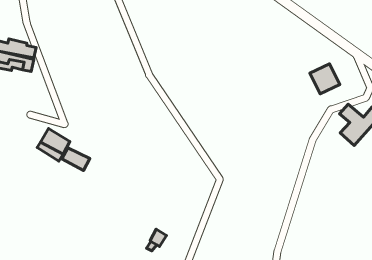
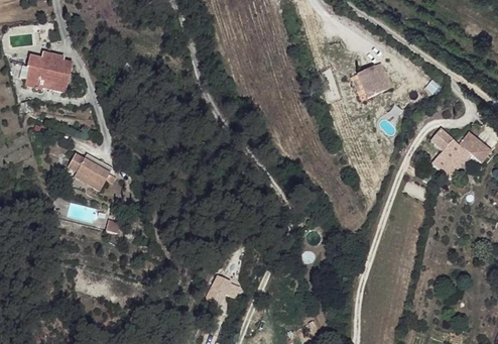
building: [310,64,340,94] -> [356,62,391,97]
building: [62,148,90,170] -> none

